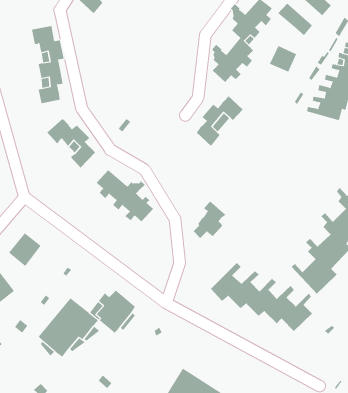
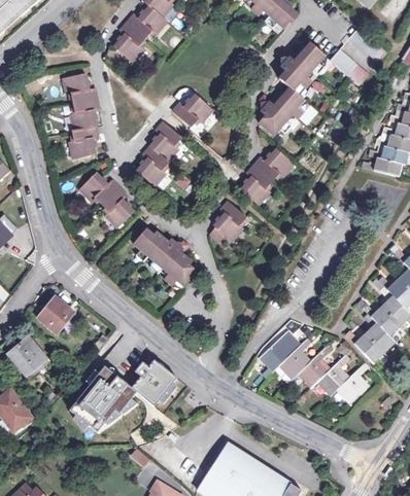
building: [269,45,297,73] -> none
building: none -> [173,95,211,126]
building: none -> [138,120,180,184]
building: [193,201,226,239] -> [209,201,245,242]

